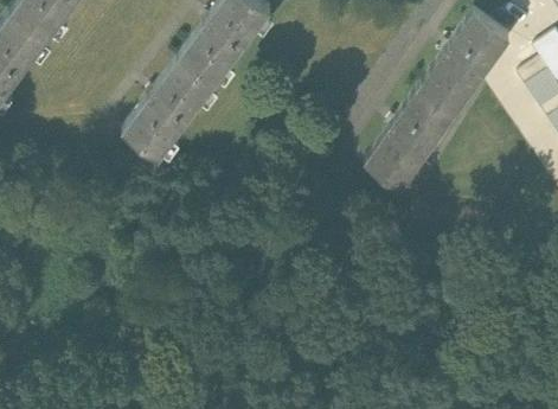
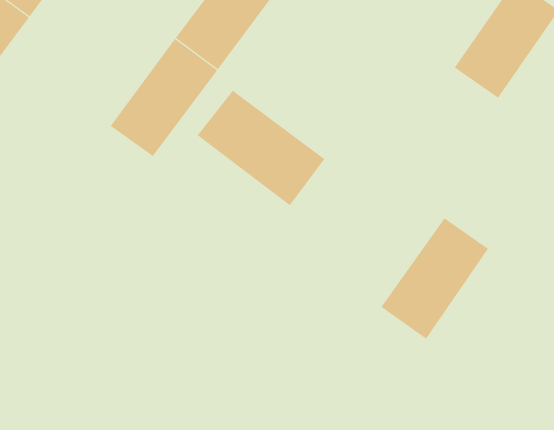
building: [365,84,460,191] -> [380,218,489,339]
building: none -> [197,90,325,206]

